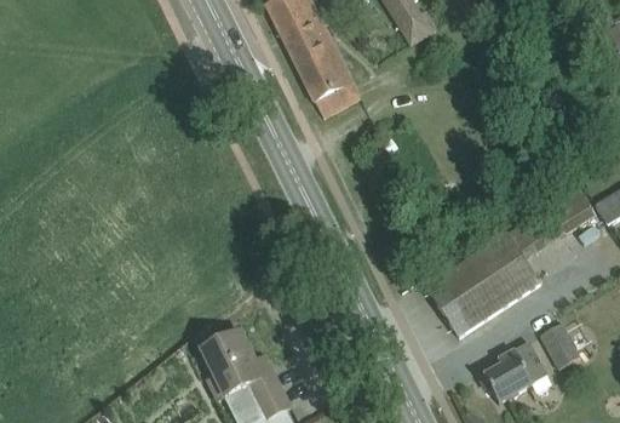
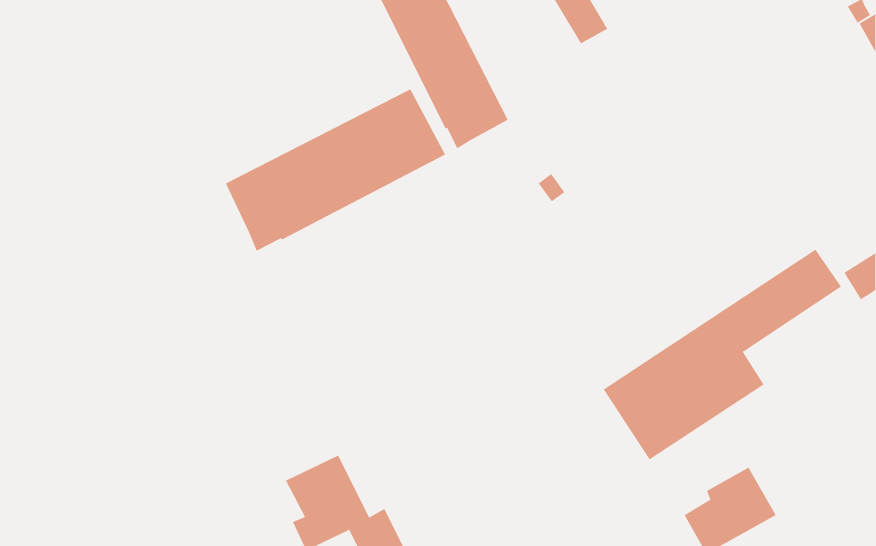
building: none -> [225,88,446,252]
building: [540,322,581,368] -> none

